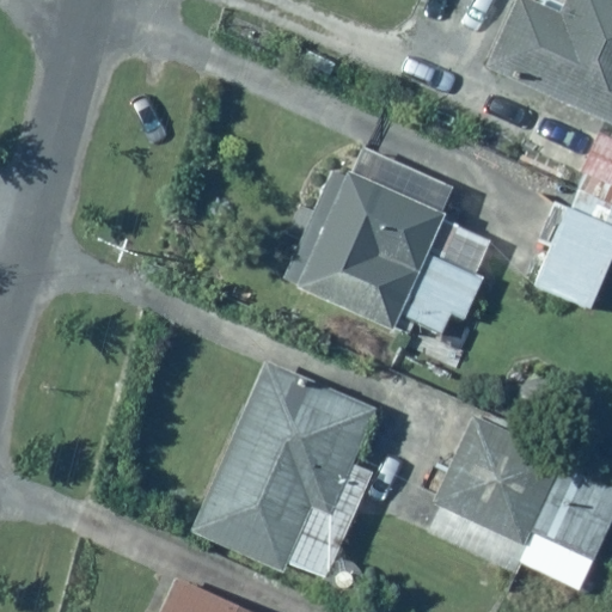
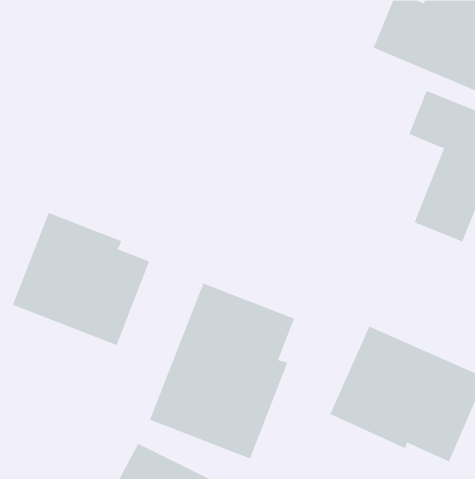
building: [294,165,490,337] -> none
building: none -> [12,212,150,346]

